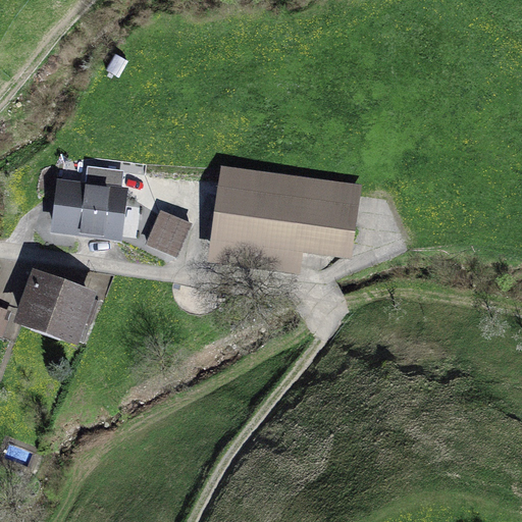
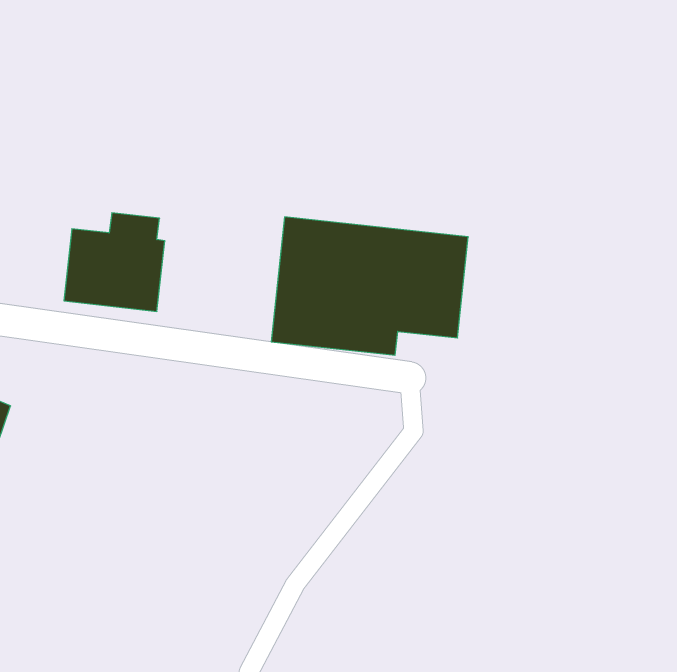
building: [147,212,191,255] -> none
building: [16,270,95,341] -> none

